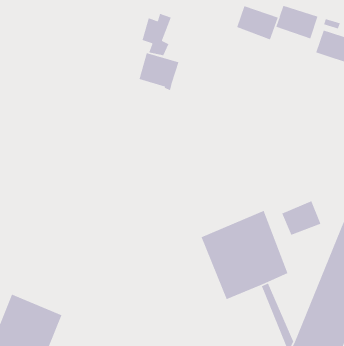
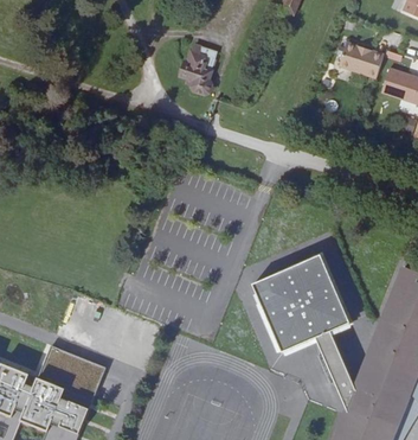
building: [236,5,279,41] -> none
building: [138,52,179,91] -> none
building: [281,200,322,236] -> none

